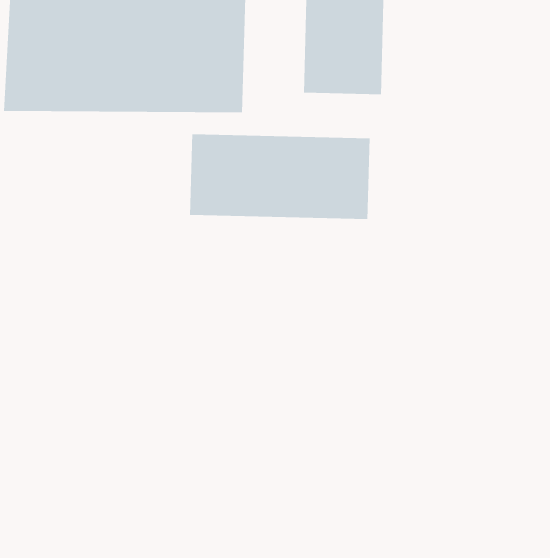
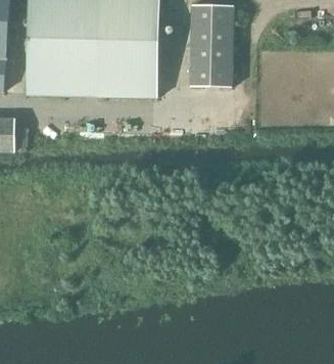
building: [190,133,370,220] -> none

